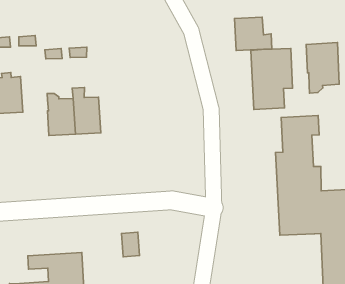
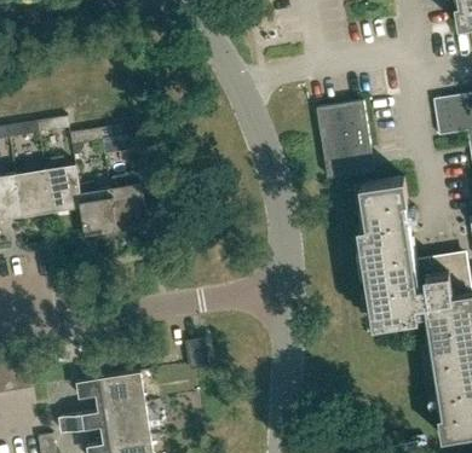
building: [234,17,272,50] -> none
building: [306,43,339,93] -> none
building: none -> [44,159,81,211]

